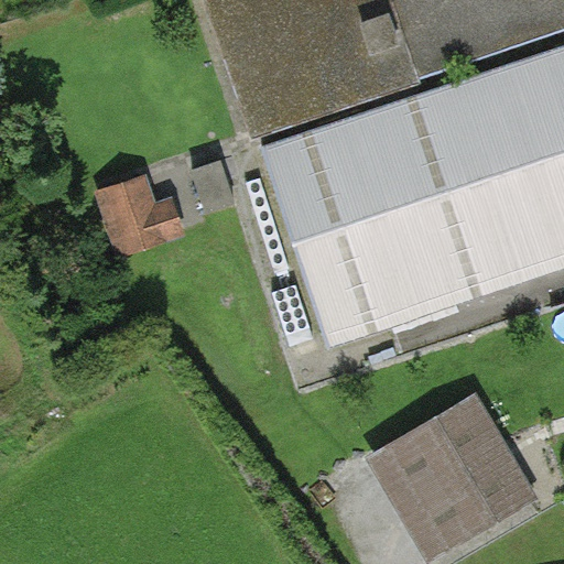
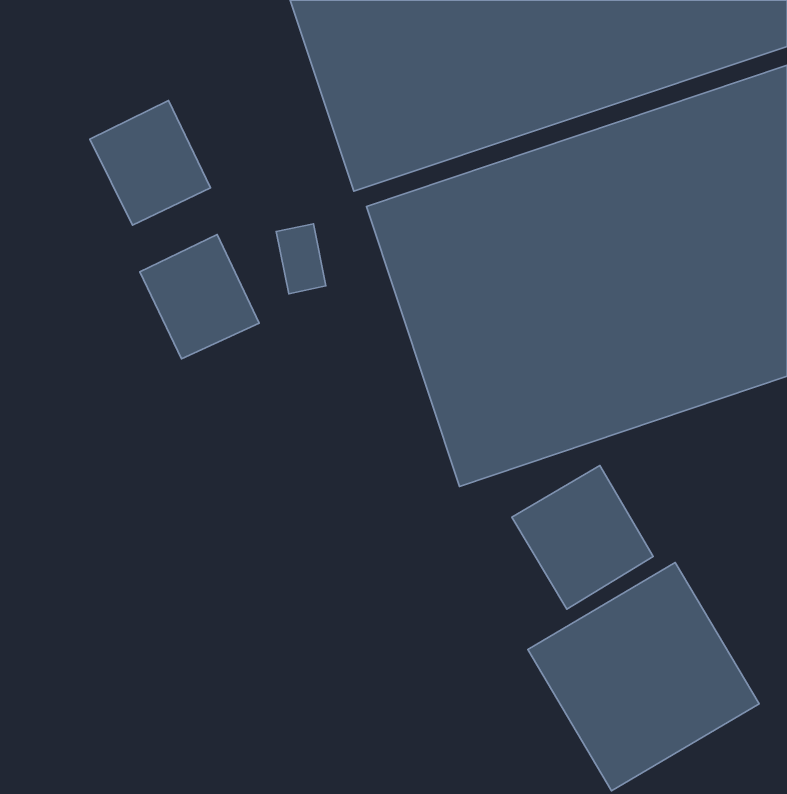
building: none -> [90,101,210,225]
building: none -> [512,465,653,609]

